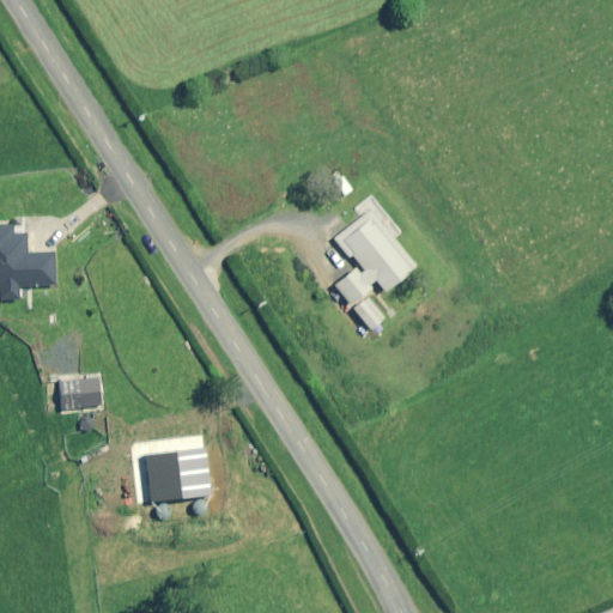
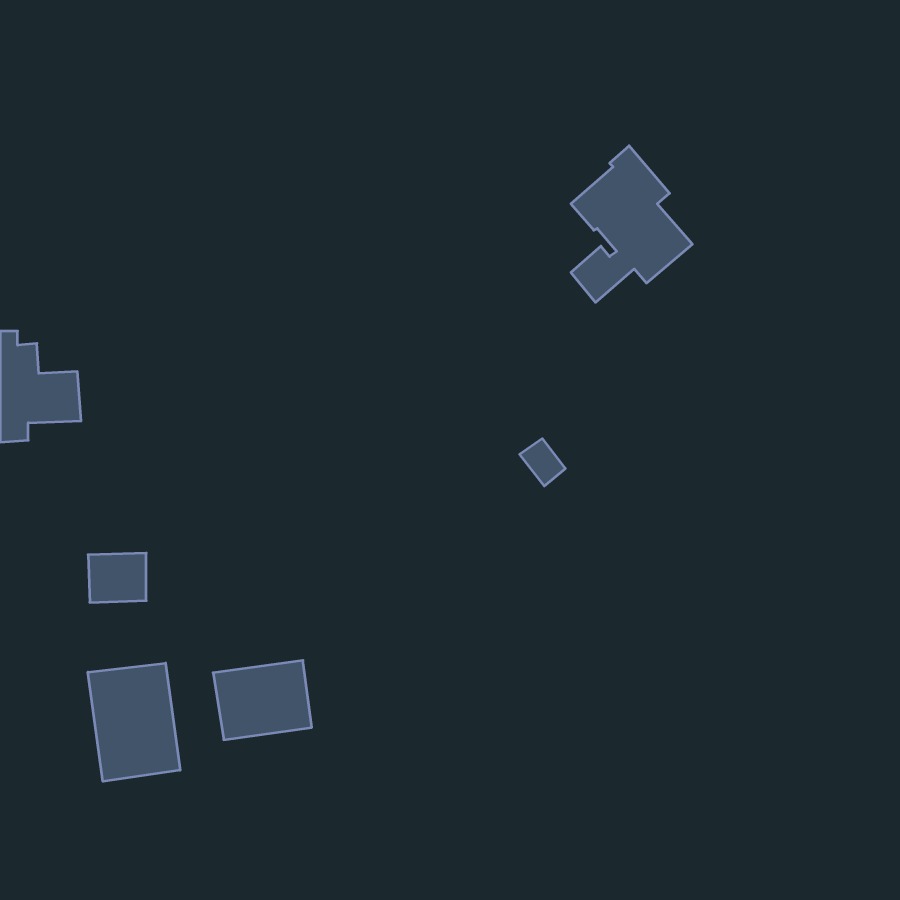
building: [334,199,417,305] -> [571,146,692,302]
building: none -> [88,663,180,781]

